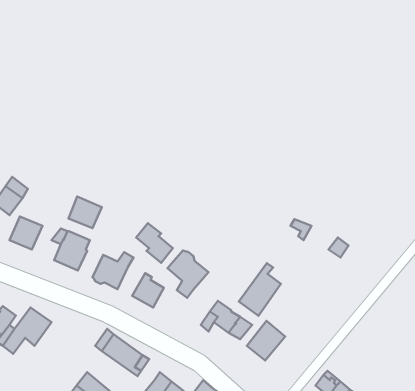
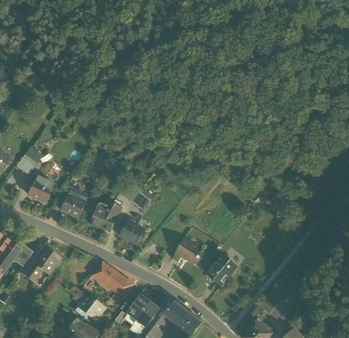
building: [68,196,102,228] -> none
building: [167,250,208,298] -> none
building: [239,263,281,316] -> none

